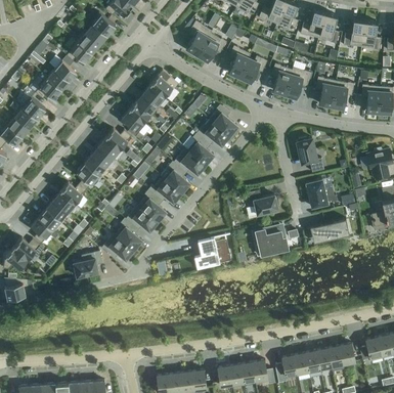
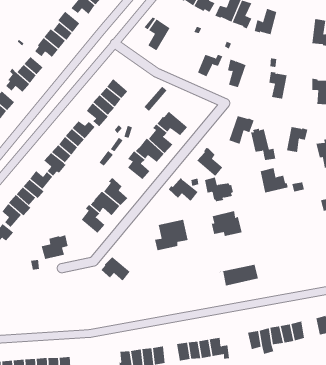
building: [319,13,340,44] -> none
building: [344,19,365,47] -> none
building: [198,31,227,61] -> none
building: [229,45,251,78] -> none
building: [284,68,312,98] -> [229,116,255,144]
building: [150,70,179,98] -> none
building: [332,81,355,108] -> [286,127,308,153]
building: [210,104,238,136] -> [196,147,223,177]
building: [149,176,182,203] -> [168,177,198,202]
building: [307,219,350,243] -> [219,264,259,286]
building: [102,233,134,260] -> [101,256,130,281]
building: [275,355,298,383] -> none

